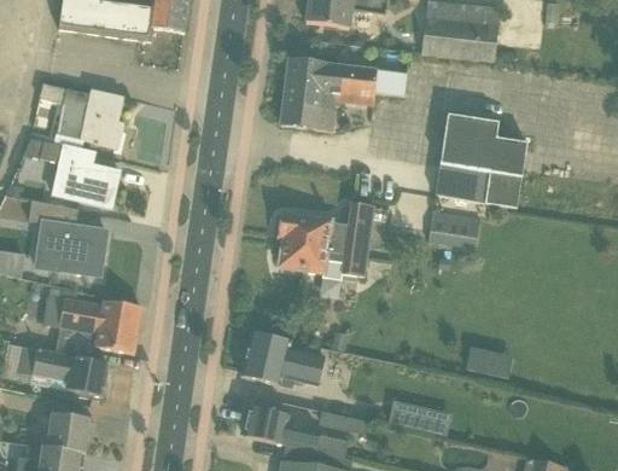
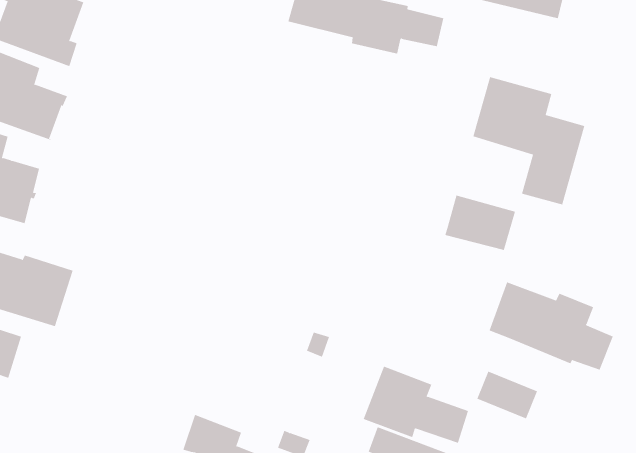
building: [280,91,336,129] -> none
building: [435,162,488,202] -> none
building: [278,202,374,280] -> none
building: none -> [489,282,613,371]
building: [240,331,322,384] -> [363,366,469,444]

